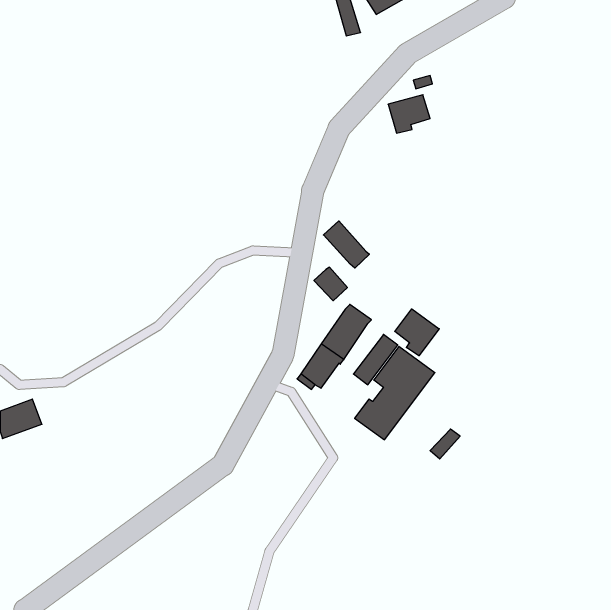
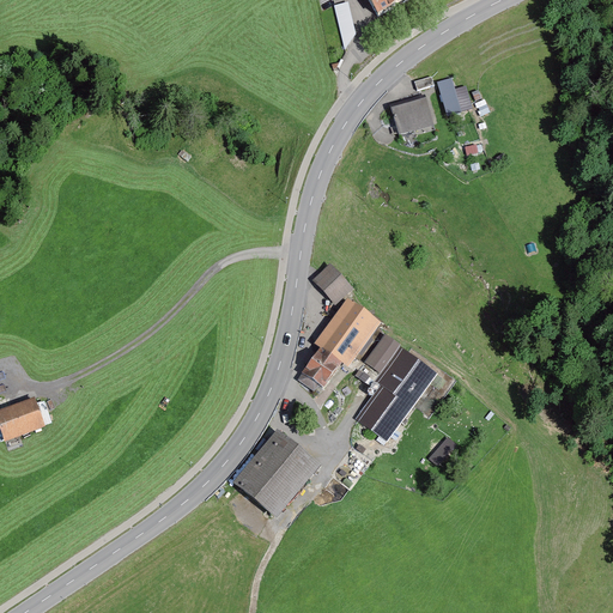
building: none -> [438,77,473,113]
building: [323,221,369,268] -> none
building: [395,309,439,356] -> none
building: none -> [239,436,312,512]

